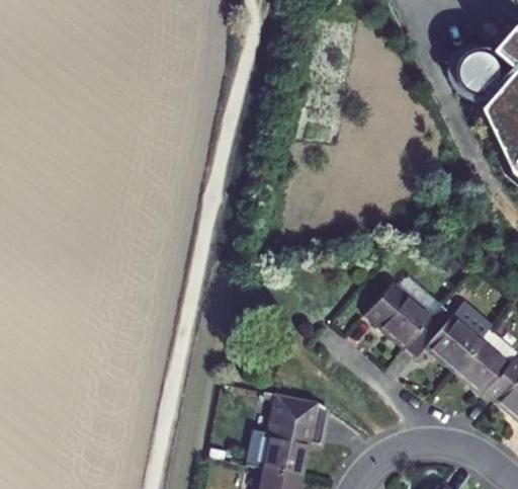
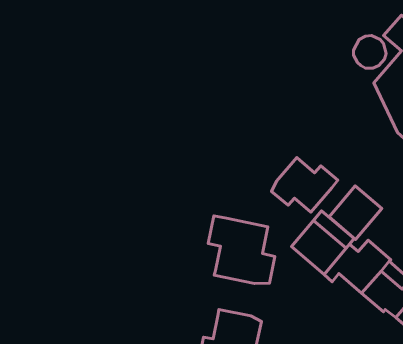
building: none -> [272,157,338,212]
building: none -> [329,186,382,240]
building: none -> [208,216,275,284]

